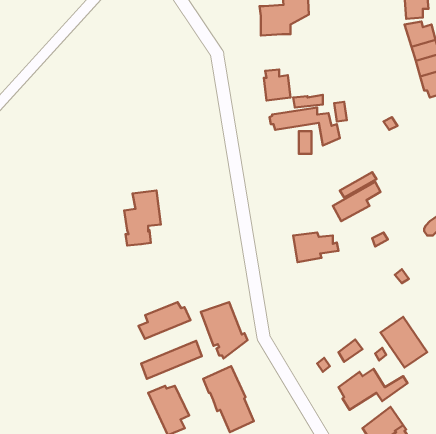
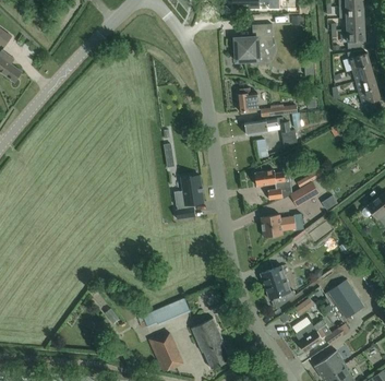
building: none -> [254,169,291,199]
building: [124,191,161,245] -> [175,176,203,218]
building: [201,302,247,358] -> [260,265,296,309]
building: [138,302,191,339] -> none

